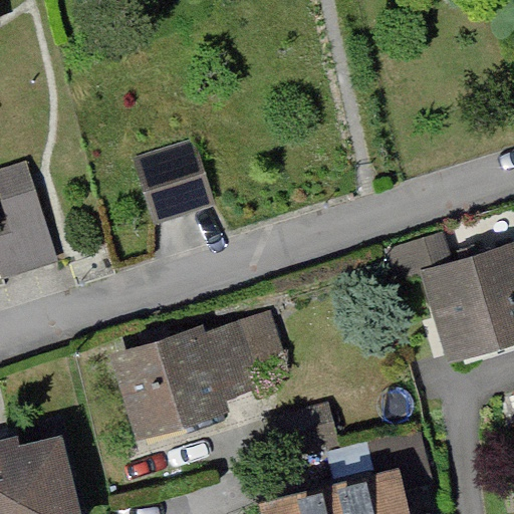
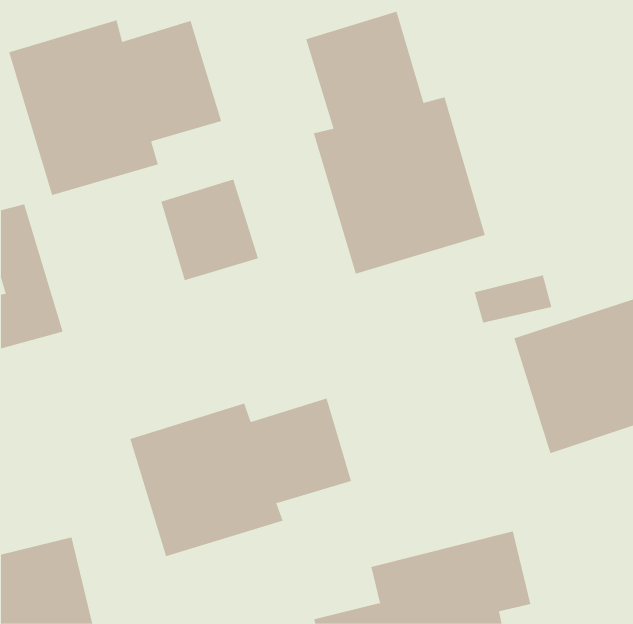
building: none -> [306,11,486,275]
building: none -> [9,19,222,196]

